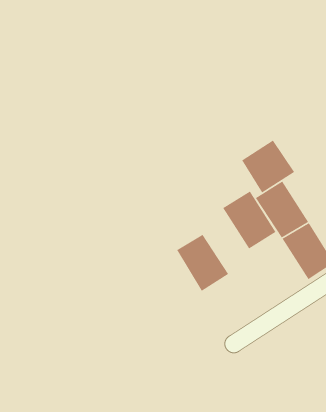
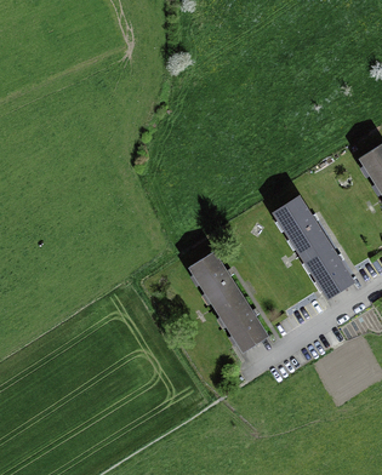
building: [241,139,295,193] -> none
building: [222,190,277,249] -> [215,293,272,355]

